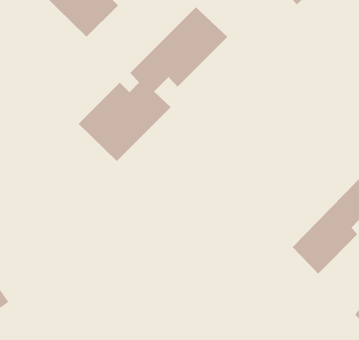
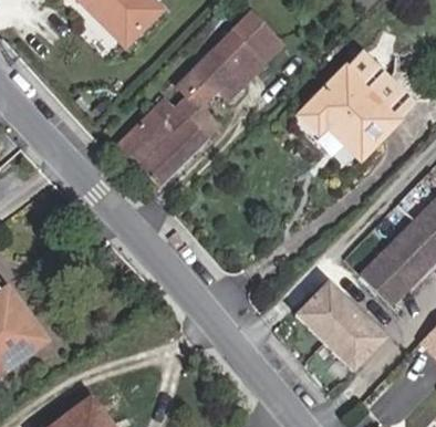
building: none -> [298,52,413,158]
building: none -> [292,275,386,369]

